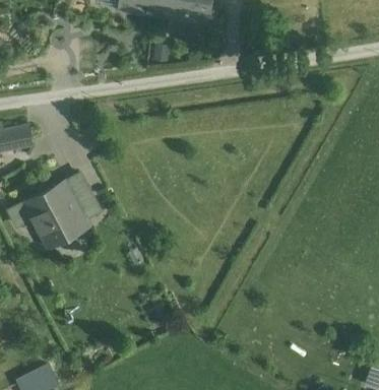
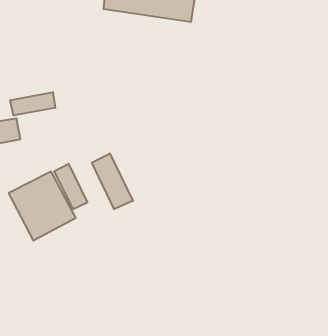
building: none -> [10,92,55,115]
building: none -> [92,153,133,209]

